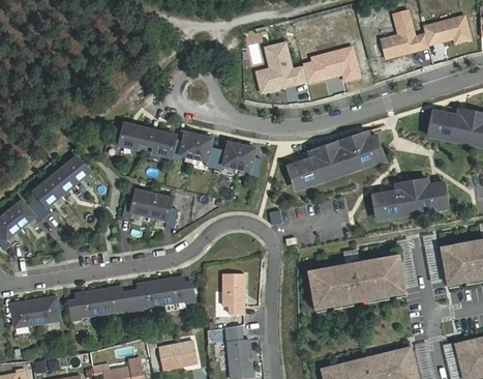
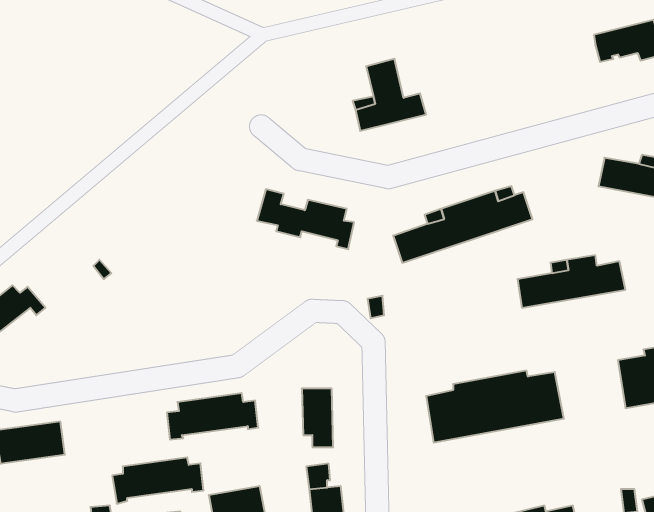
building: [382,12,429,60] -> none
building: [304,49,361,83] -> none
building: [119,121,198,157] -> none
building: [33,156,90,216] -> none
building: [121,188,177,227] -> none
building: [68,285,131,317] -> [112,457,204,504]

